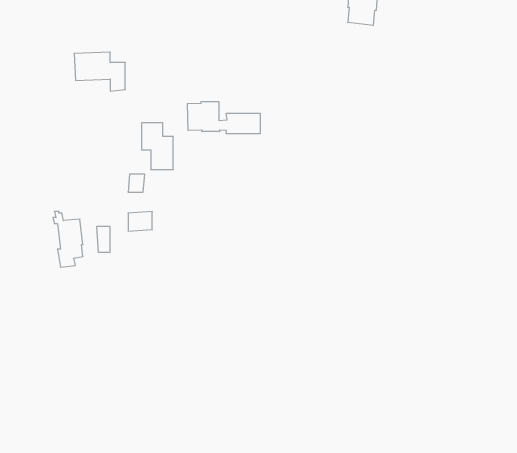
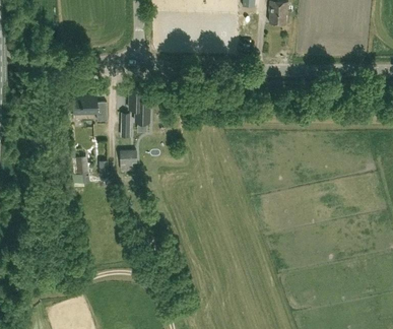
building: [74,52,125,91] -> [73,94,108,121]
building: [187,102,260,134] -> none

